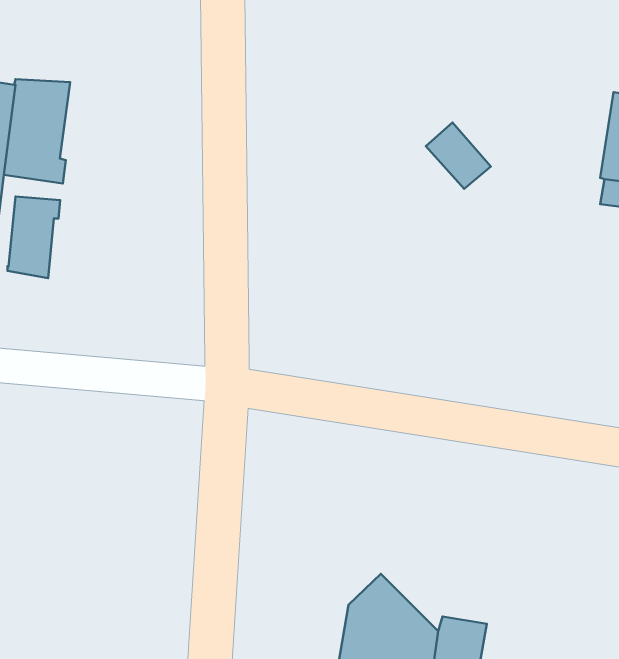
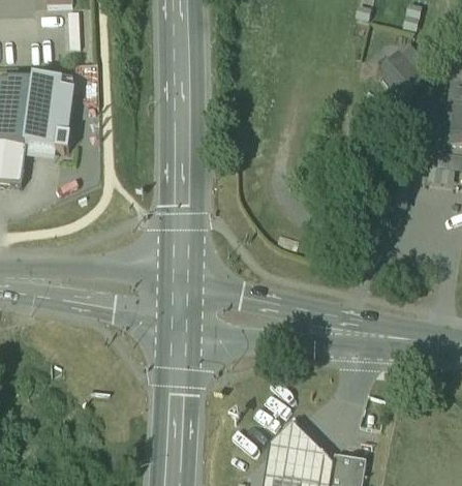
building: [426,122,491,189] -> [379,49,425,95]
building: [8,197,60,278] -> none

